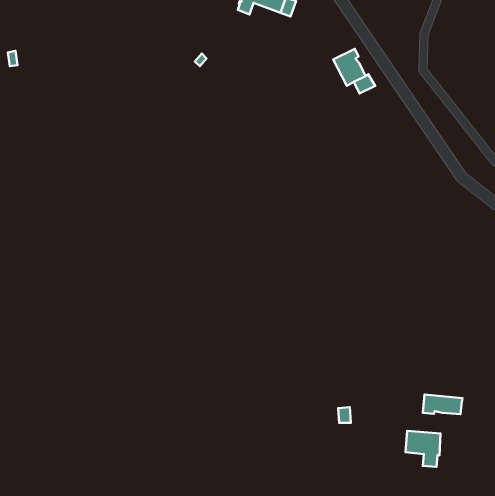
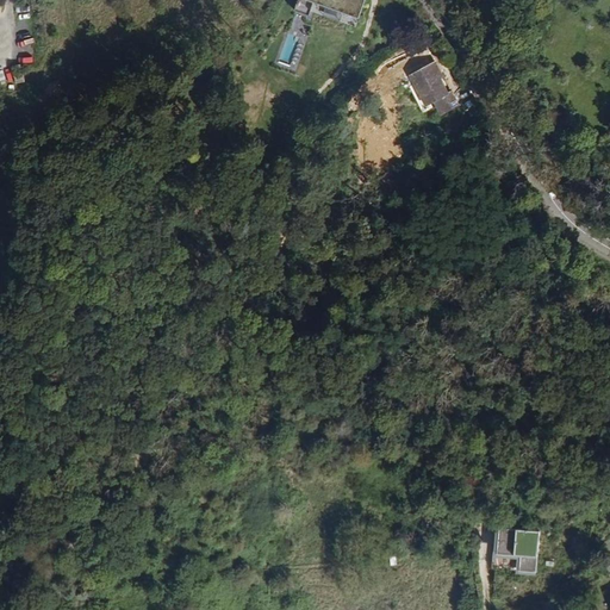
building: [423,394,462,414] -> none

